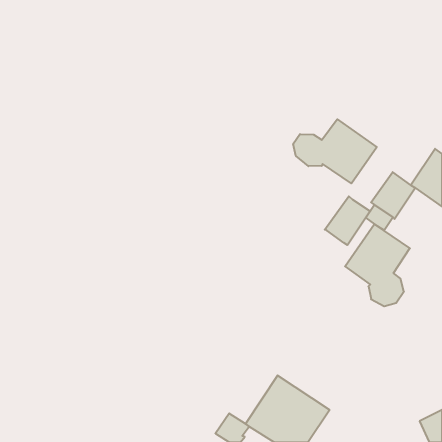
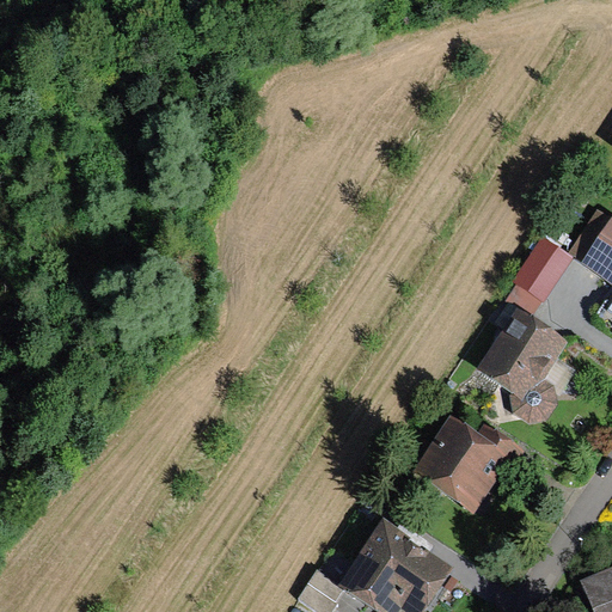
building: [293,119,377,183] -> none
building: [325,196,370,245] -> none
building: none -> [412,415,530,514]

